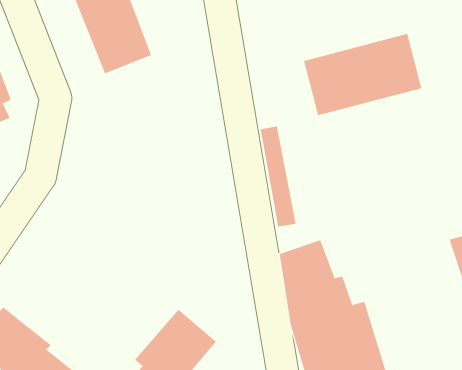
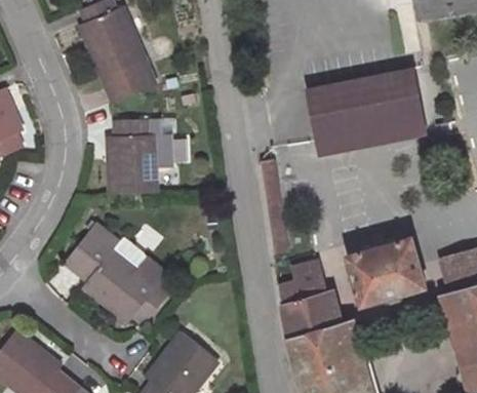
building: none -> [111,112,172,211]
building: none -> [61,220,169,324]
building: none -> [340,245,418,312]

